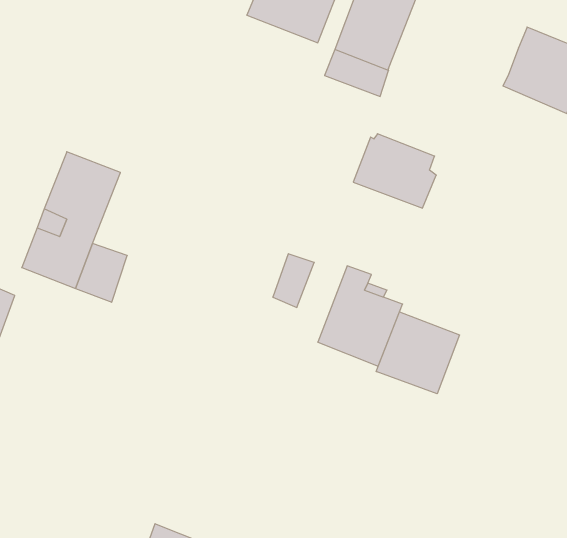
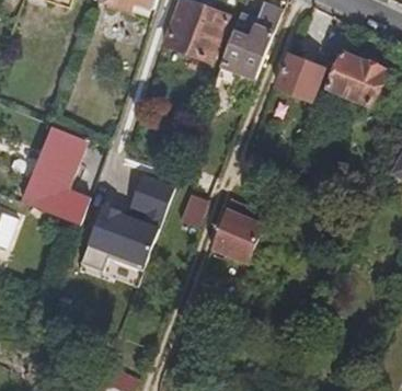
building: [353,134,436,208] -> [274,54,326,101]
building: none -> [80,174,174,271]
building: [376,312,459,394] -> none

